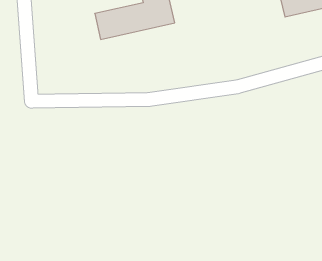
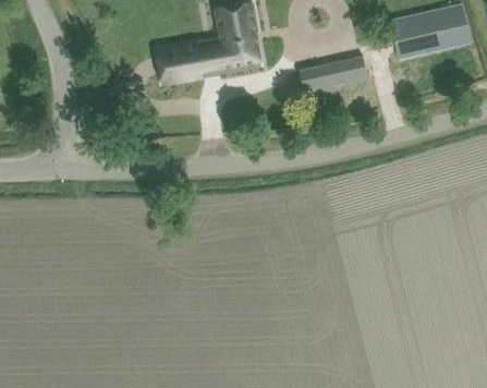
building: none -> [301,56,369,98]

